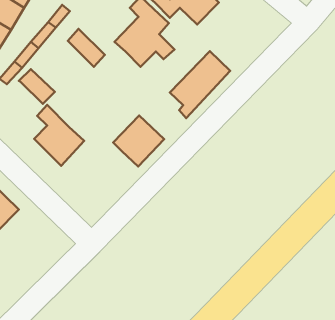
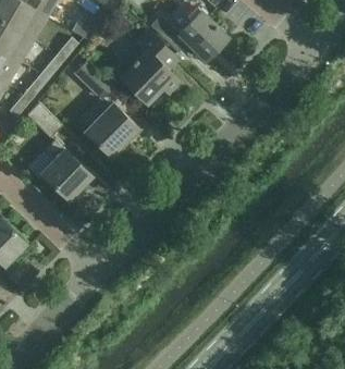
building: [170,51,230,118] -> none
building: [113,115,164,167] -> [86,104,137,156]

